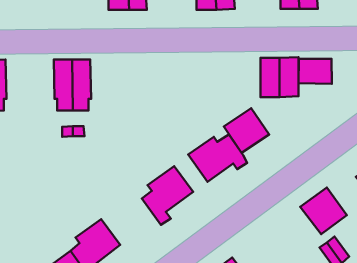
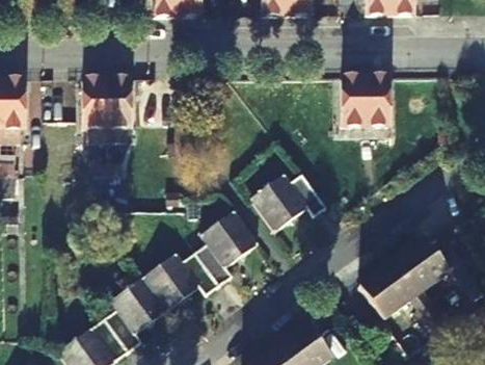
building: [299,59,332,84] -> none
building: [224,108,269,153] -> none
building: none -> [142,251,217,309]
building: none -> [359,261,417,319]

